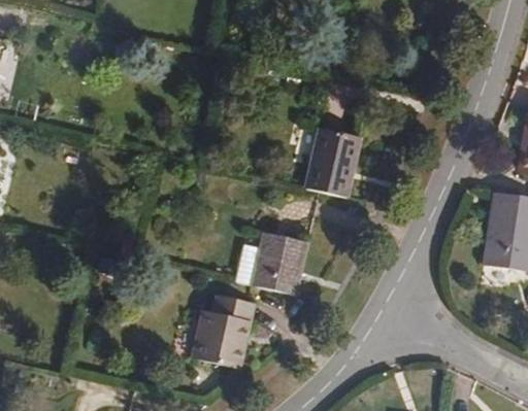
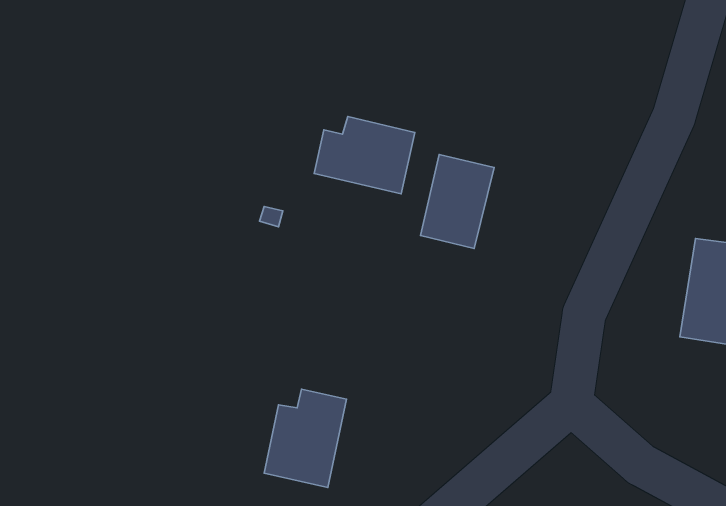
building: none -> [314,116,415,194]
building: [234,233,306,293] -> none

